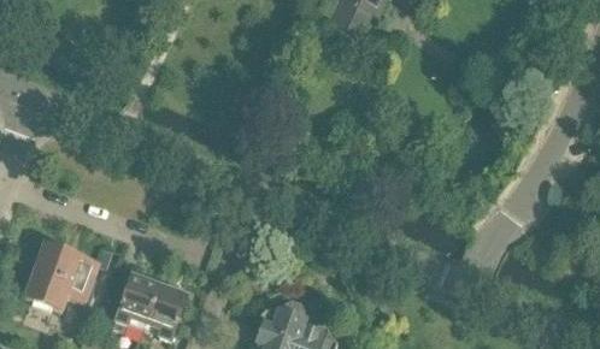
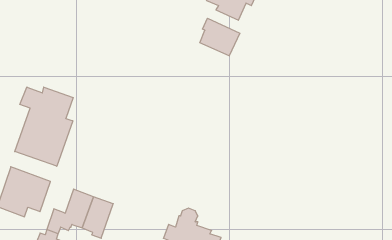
building: none -> [200,18,240,56]
building: none -> [15,87,73,166]

